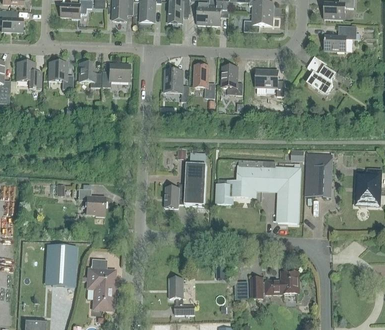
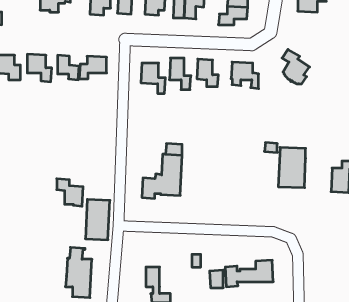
building: [324,25,357,51] -> none
building: [217,160,299,222] -> none
building: [52,245,77,286] -> [85,199,110,240]

